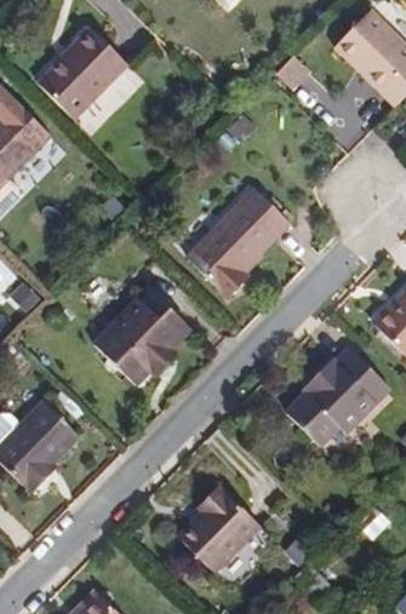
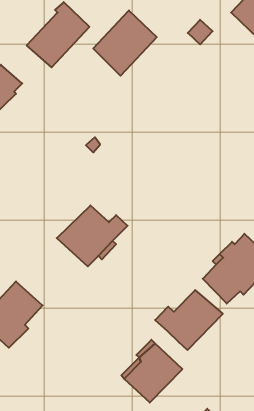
building: none -> [93,10,157,76]
building: [189,185,290,293] -> none
building: none -> [155,290,223,350]

